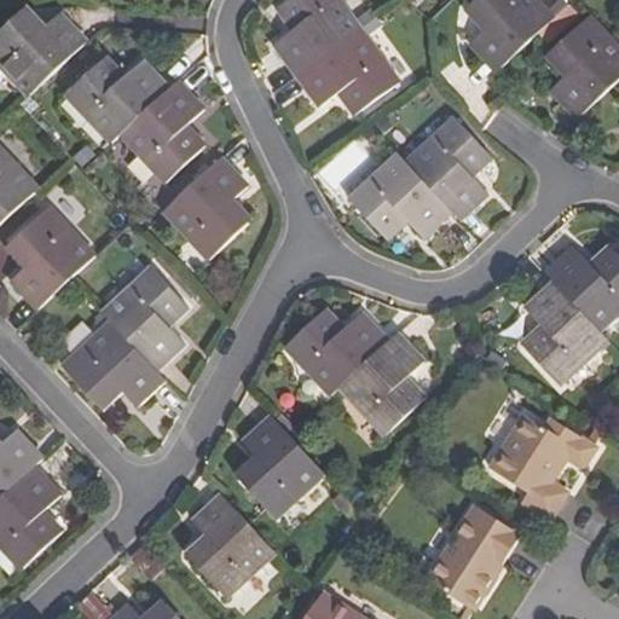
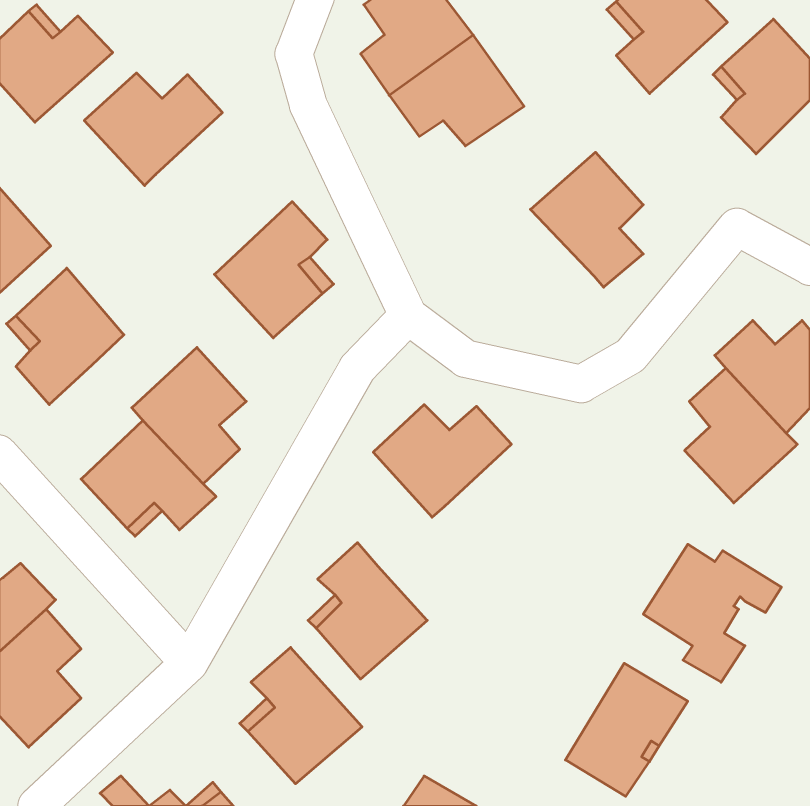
building: [118,79,203,183] -> none
building: [347,151,452,237] -> none
building: [339,330,424,434] -> none

